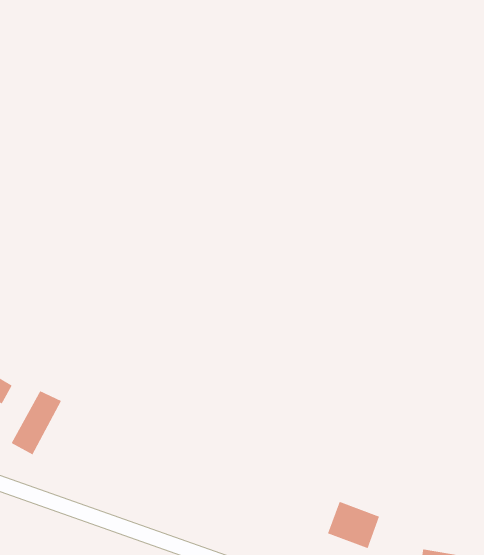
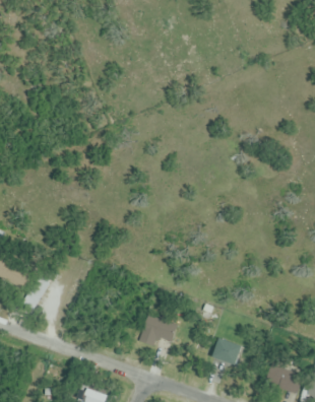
building: none -> [144,318,173,348]

